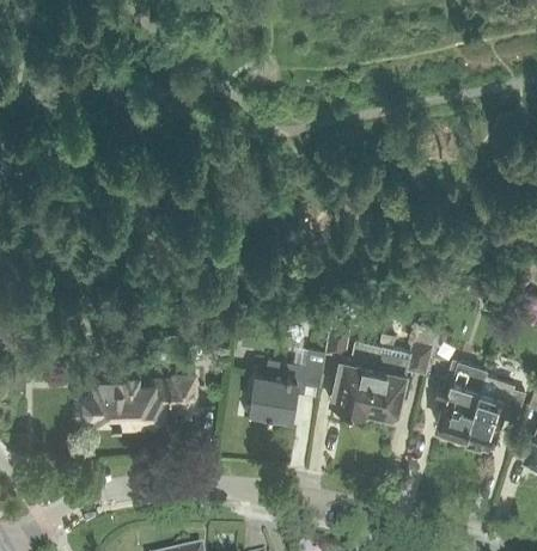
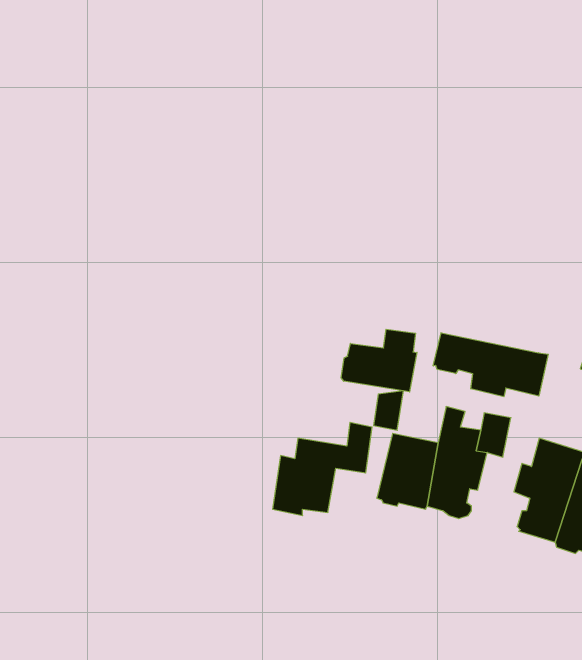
building: none -> [341,329,417,392]
building: none -> [433,333,548,397]
building: [85,376,193,426] -> none

